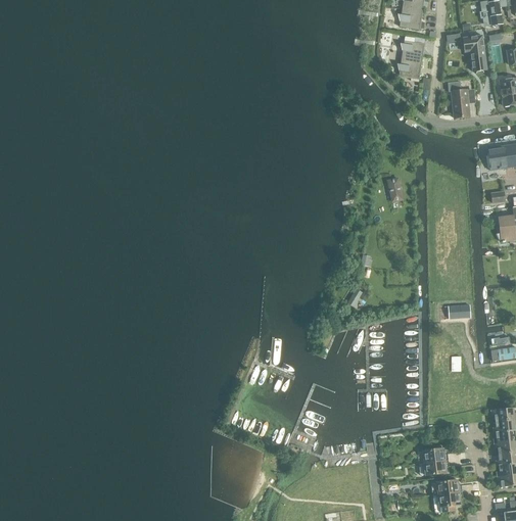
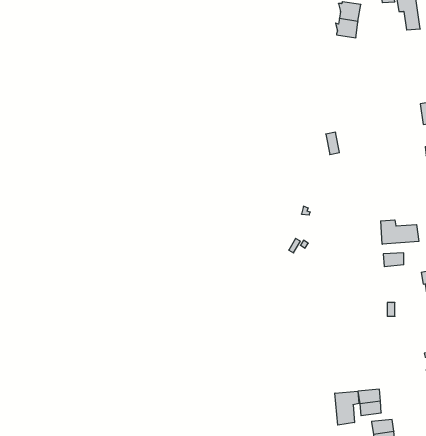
building: [447,81,468,116] -> none
building: none -> [381,220,419,244]
building: none -> [335,391,359,425]

